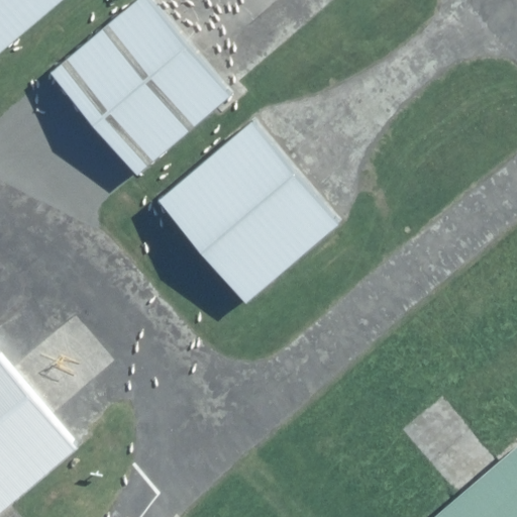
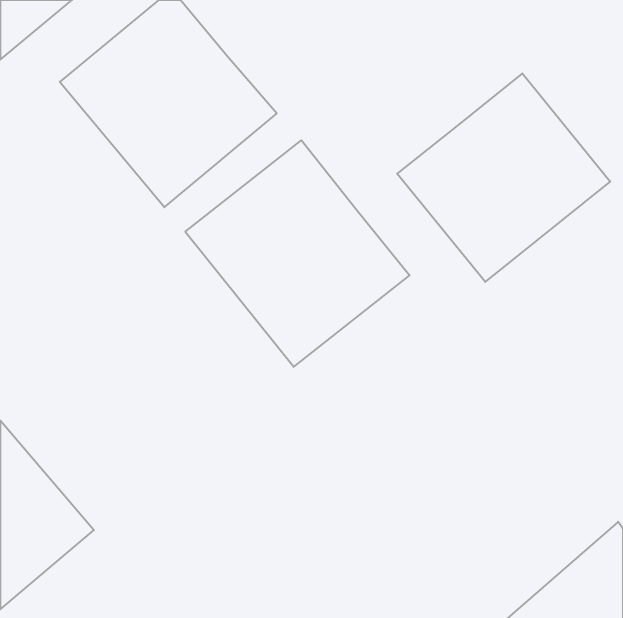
building: none -> [397,73,610,282]

